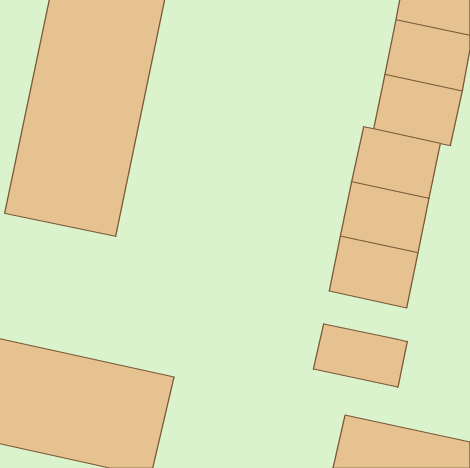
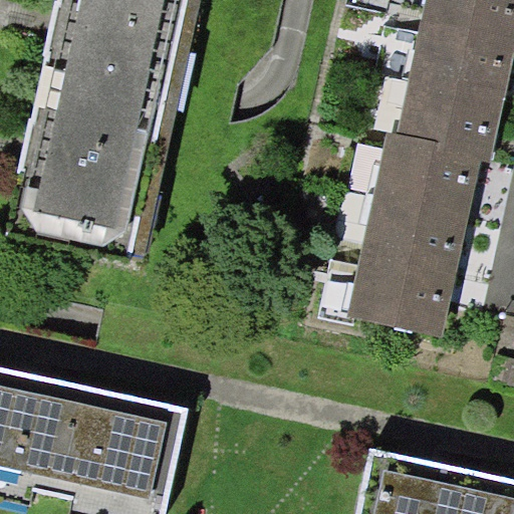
building: [314,324,407,387] -> none

